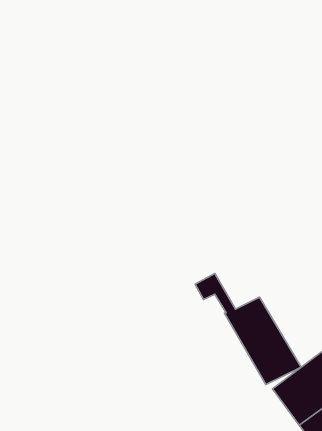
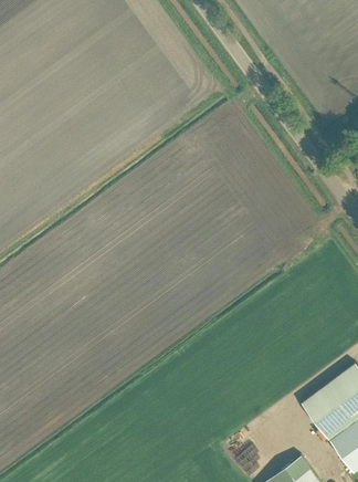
building: [195,273,301,384] -> none

